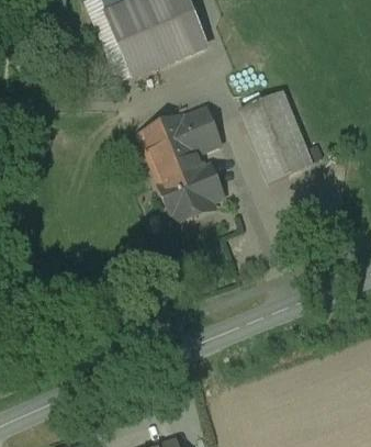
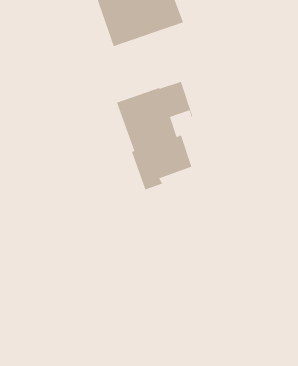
building: [246,96,310,175] -> none

